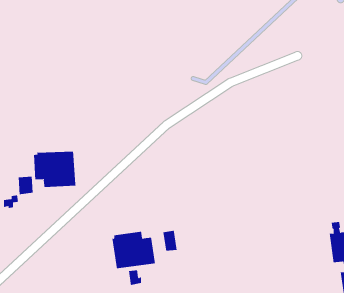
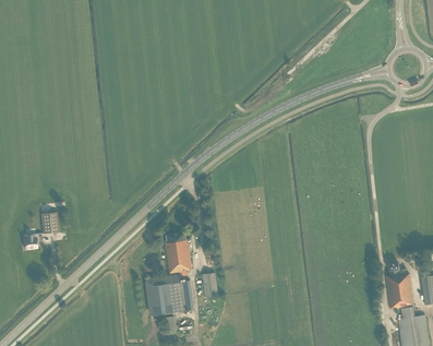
building: [33,151,76,188] -> none
building: none -> [166,232,192,276]

